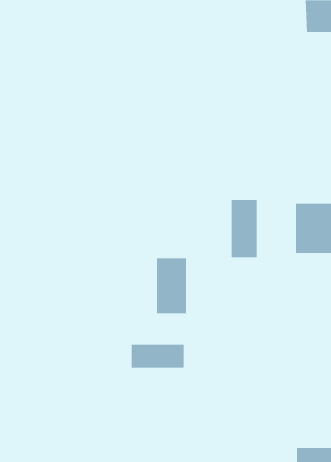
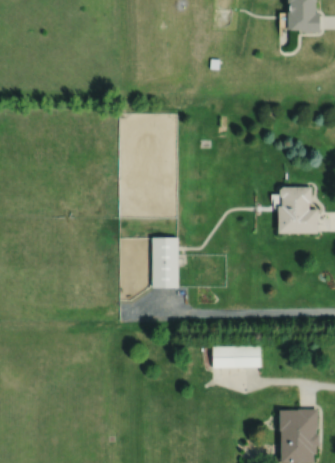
building: [231,199,257,258] -> none
building: [131,344,184,368] -> [212,346,261,368]

